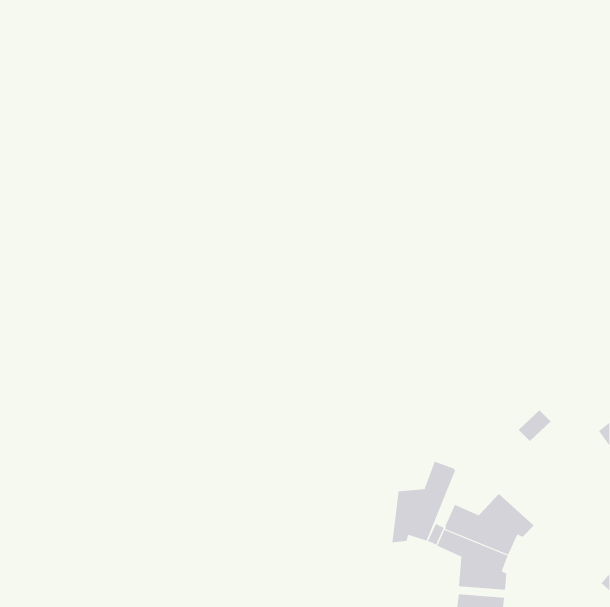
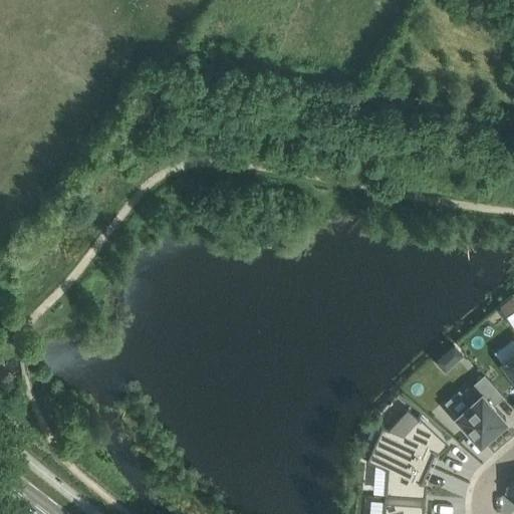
building: none -> [455,375,505,445]
building: [392,461,456,543] -> none

